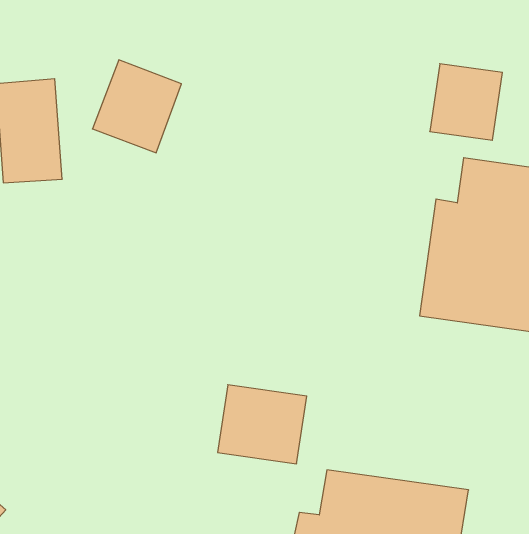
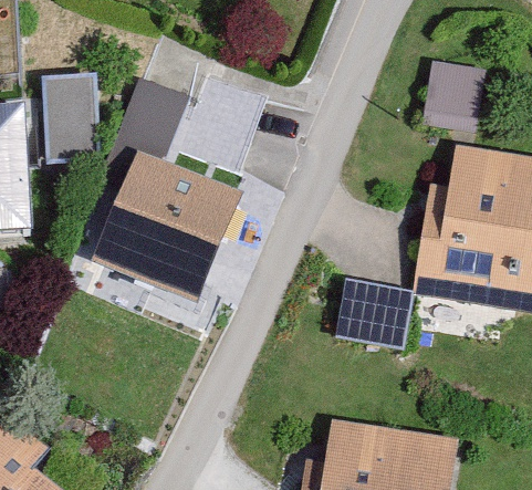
building: none -> [93,153,243,305]
building: [218,385,307,464] -> [336,280,415,350]

